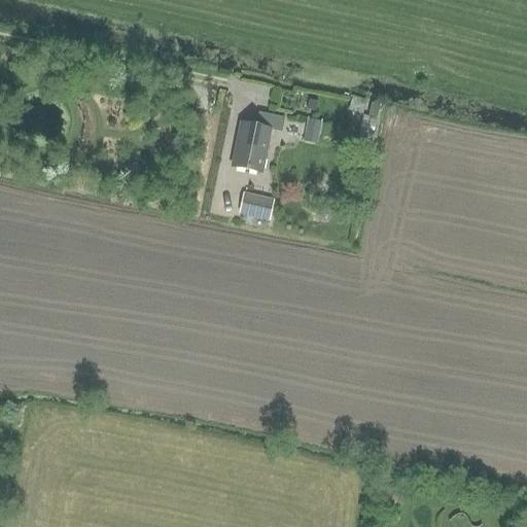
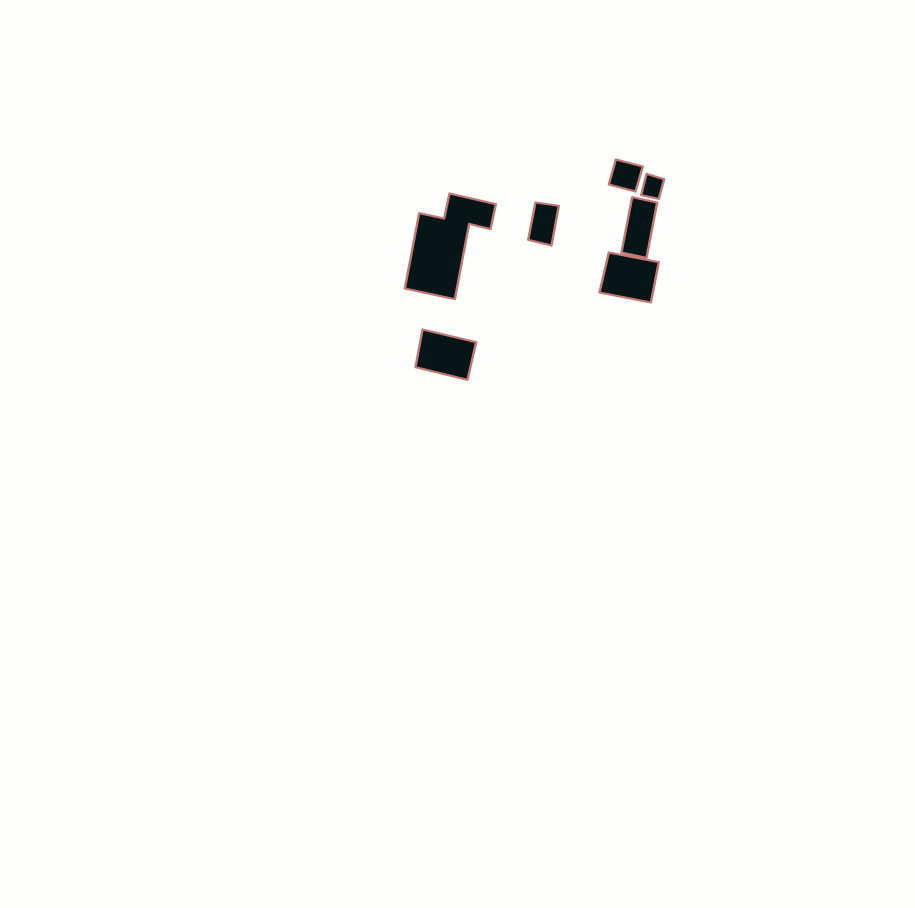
building: none -> [599,253,659,303]

